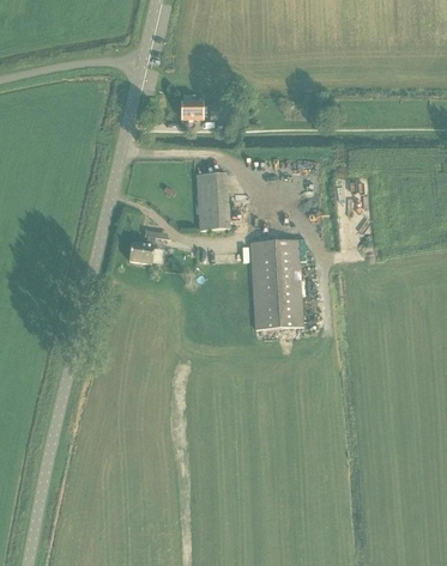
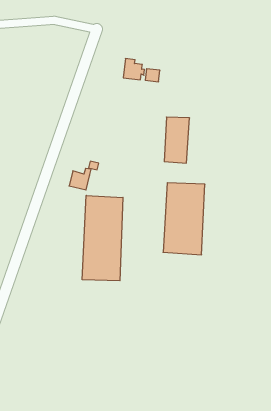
building: [197,172,228,230] -> [164,117,190,163]
building: none -> [82,195,123,281]

